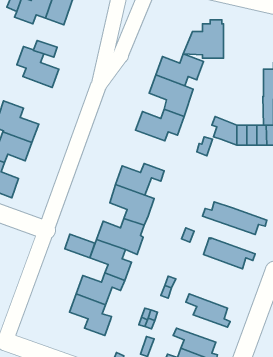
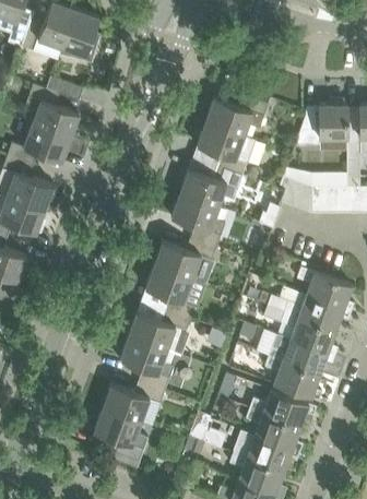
building: [183,20,223,58] -> [295,99,347,150]
building: none -> [8,123,71,165]
building: none -> [171,193,226,247]
building: none -> [297,266,355,311]
building: none -> [264,306,339,355]
building: [65,234,95,258] -> none
building: none -> [265,356,323,401]
building: none -> [250,390,317,426]
building: none -> [234,429,300,471]

